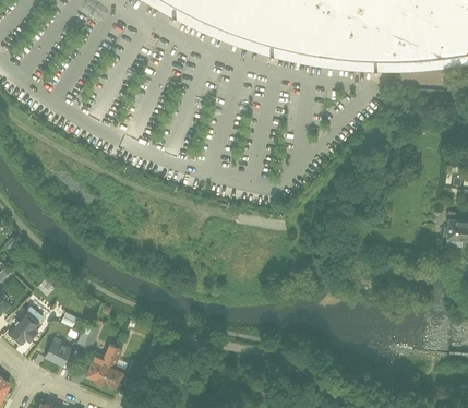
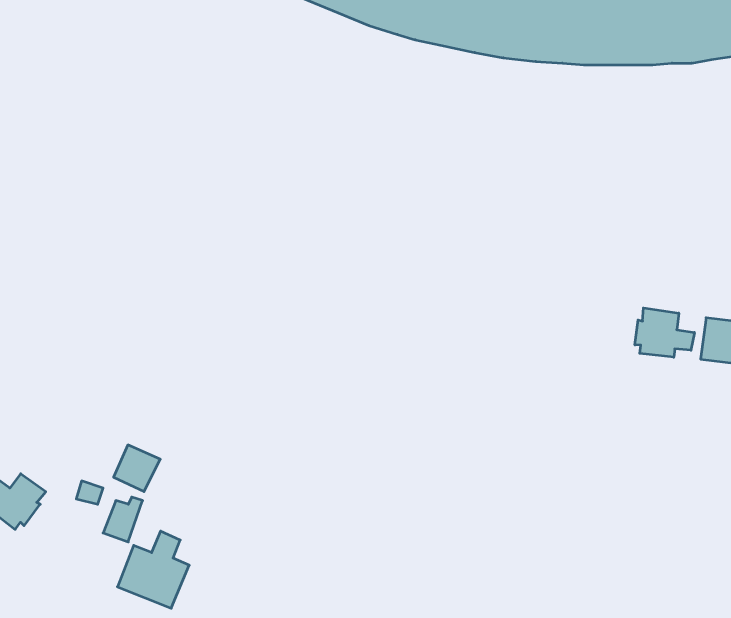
building: none -> [635,308,694,357]
building: [44,336,72,364] -> [114,445,160,492]

